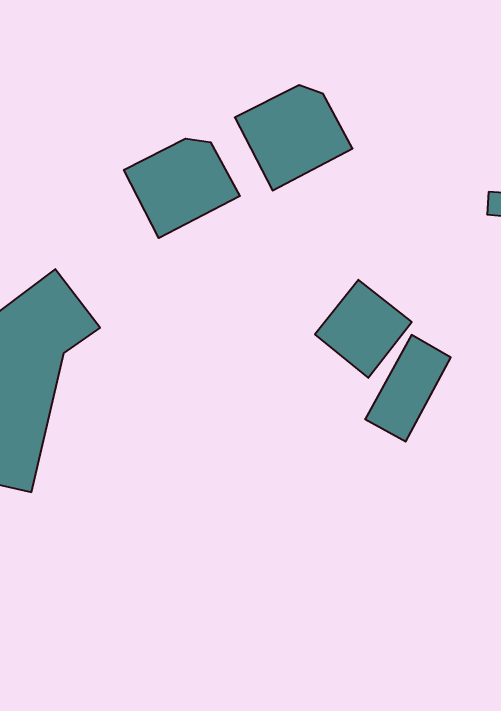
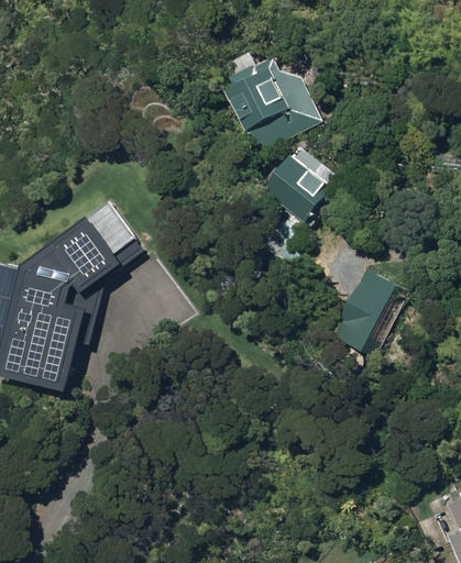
building: [124,139,240,238] -> none
building: [315,280,412,378] -> [266,145,342,222]

